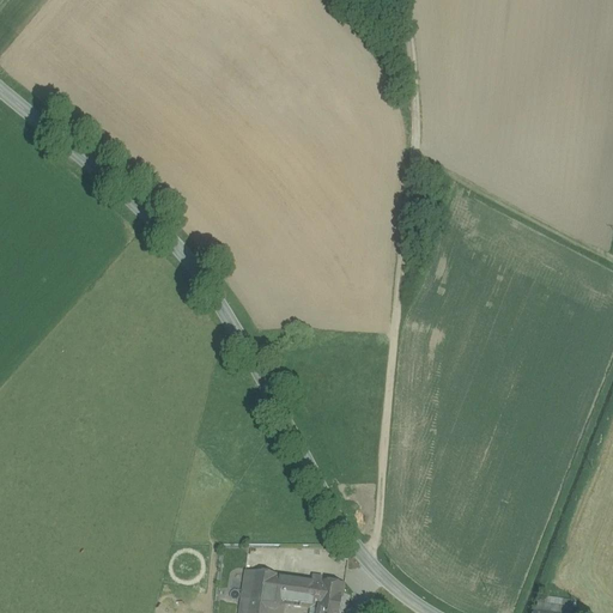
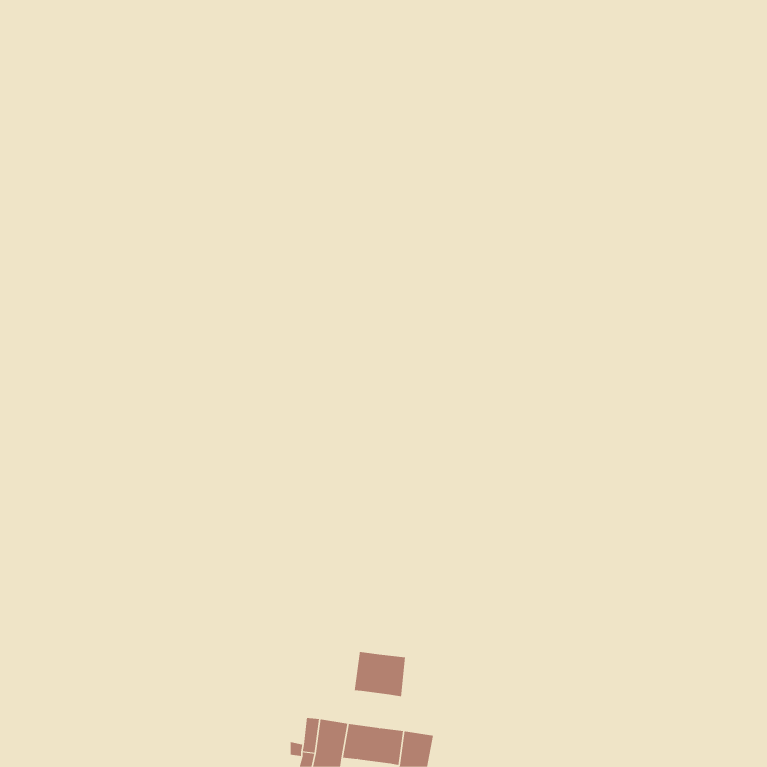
building: none -> [354,651,406,697]

